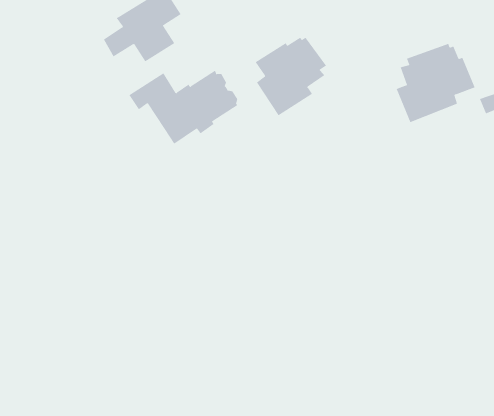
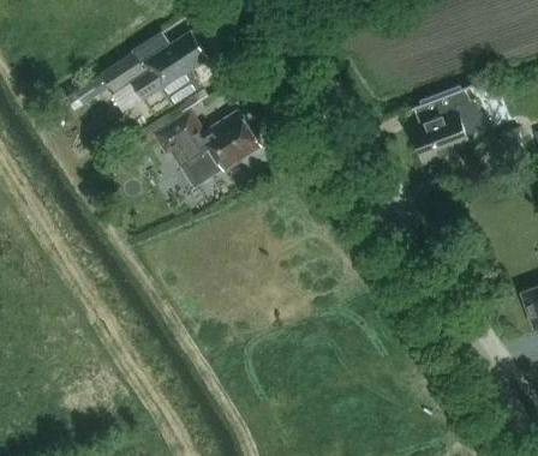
building: none -> [73,53,143,107]
building: [255,37,327,116] -> none

